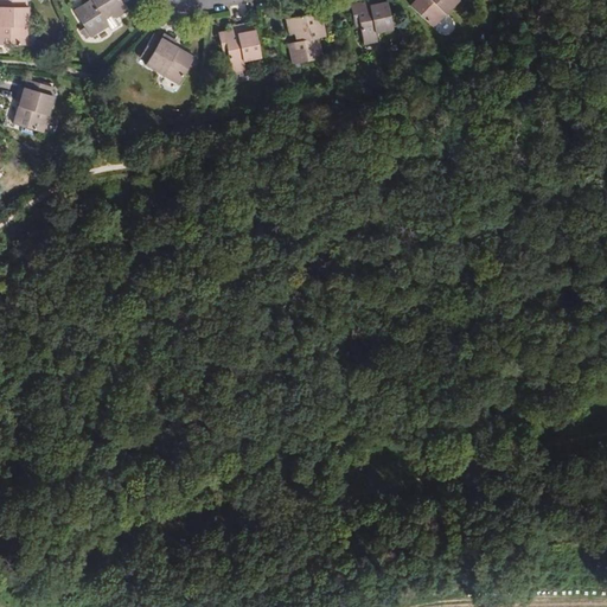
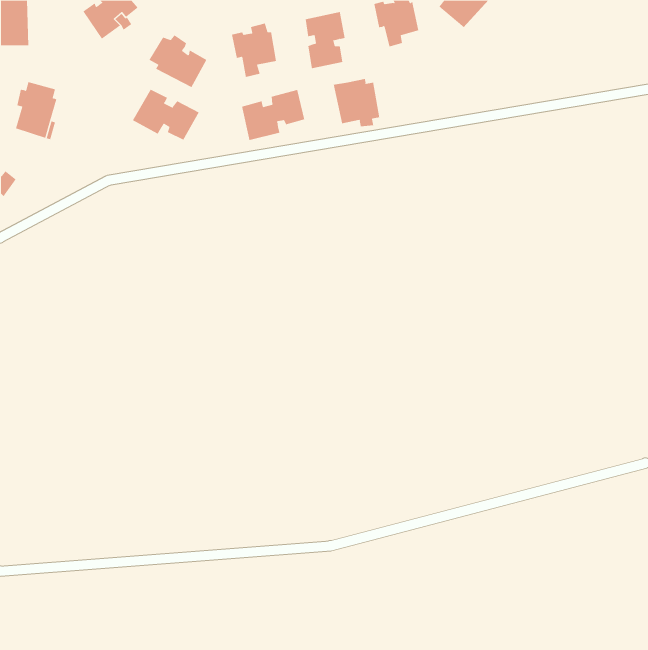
building: none -> [333,78,380,127]
building: none -> [132,89,199,141]
building: none -> [242,89,305,141]

